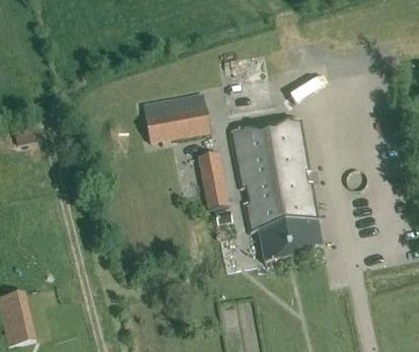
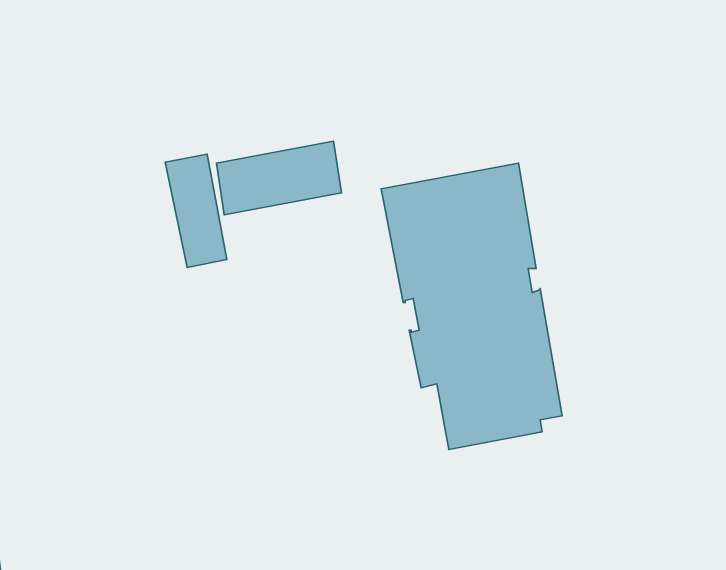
building: [197,151,228,209] -> [165,154,227,268]

